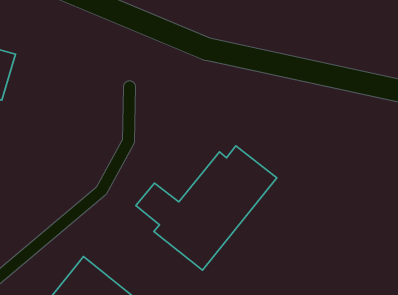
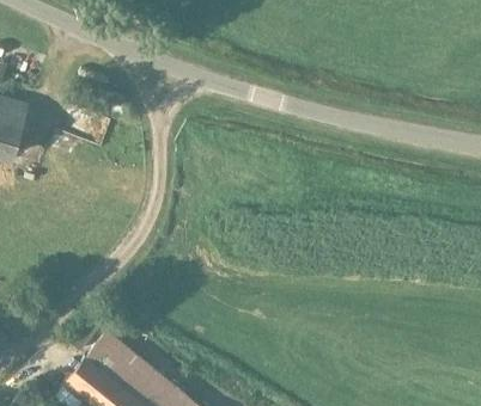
building: [136,146,277,270] -> none

